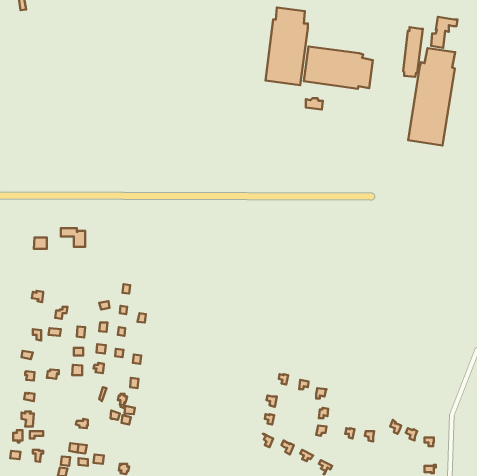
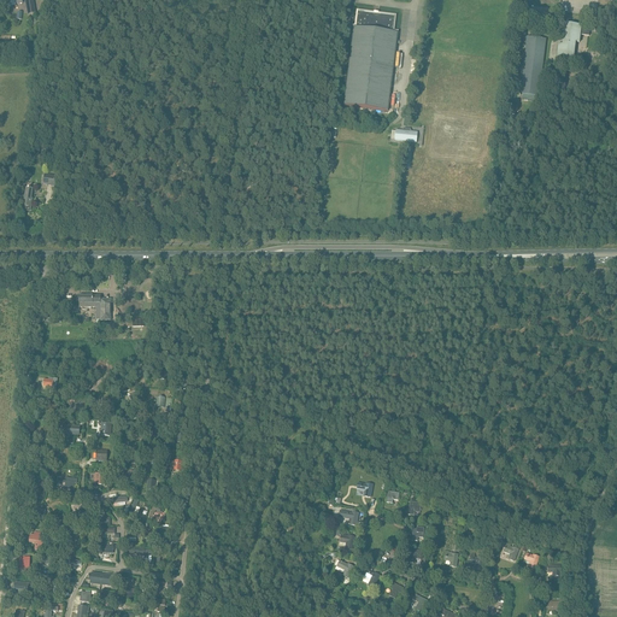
building: [304,47,373,89] -> none
building: [408,48,455,145] -> none

